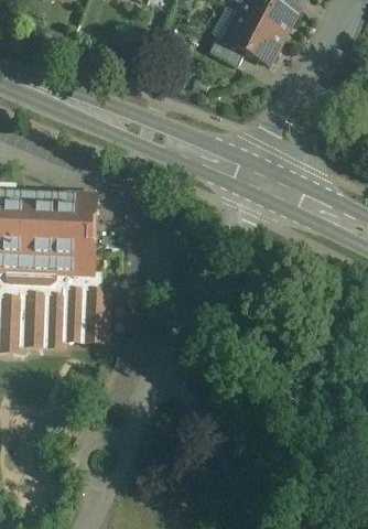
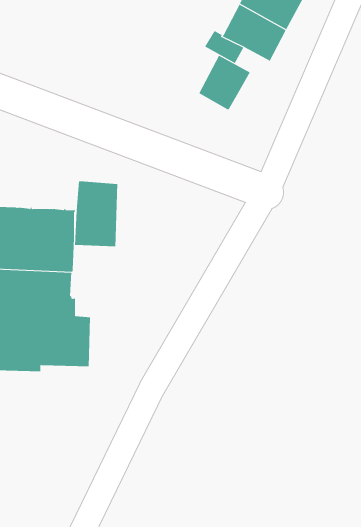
building: none -> [199,55,250,110]
building: none -> [74,181,118,247]

